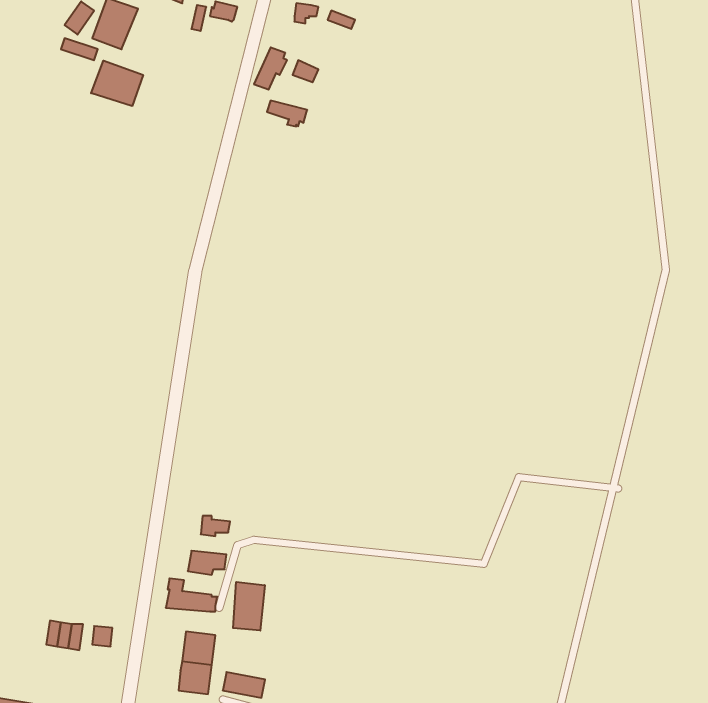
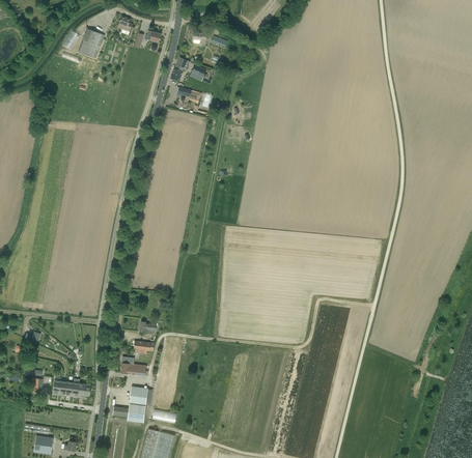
building: [91,61,143,106] -> none
building: [233,582,265,631] -> none

